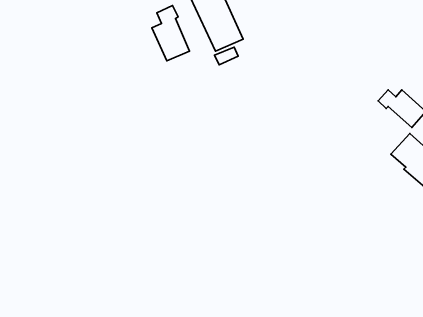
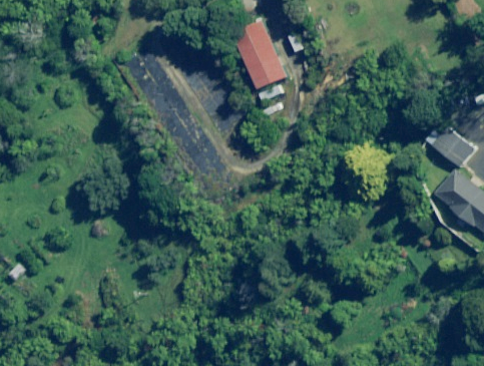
building: [152,6,190,61] -> none

